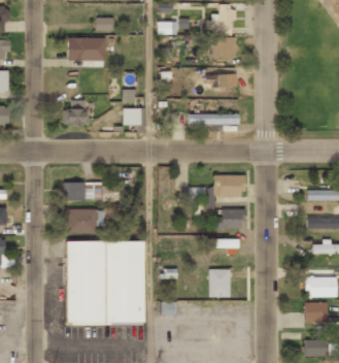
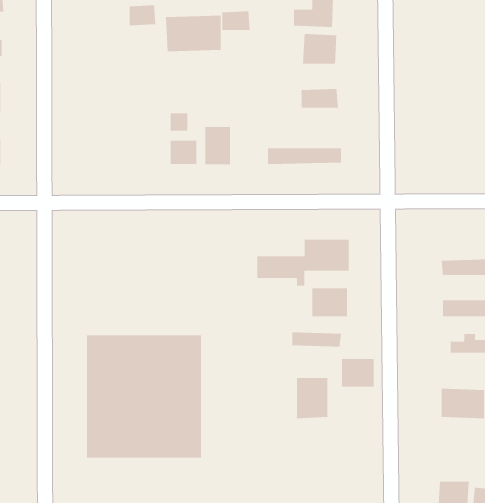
building: [68,36,106,61] -> [165,15,222,52]
building: none -> [205,126,230,165]
building: [63,100,88,125] -> none
building: [65,182,102,199] -> none
building: [67,208,105,232] -> none
building: none -> [341,358,374,388]
building: [305,302,329,322] -> none

